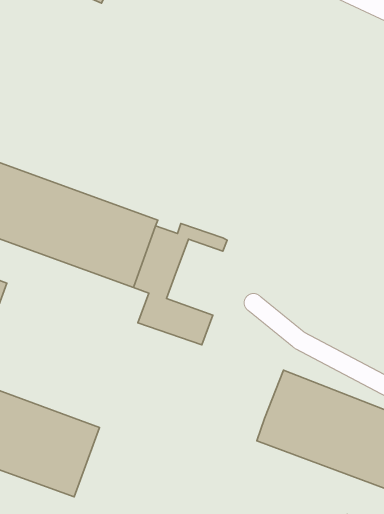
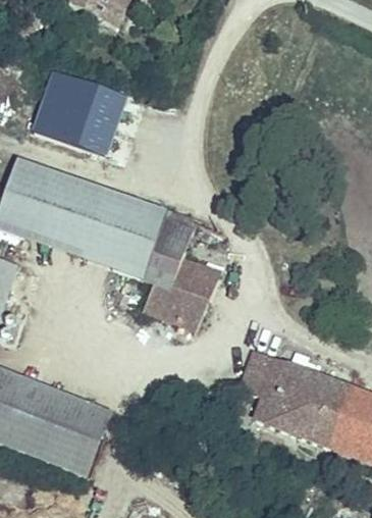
building: none -> [28,65,126,152]
building: none -> [169,269,219,304]
building: none -> [238,348,277,400]

